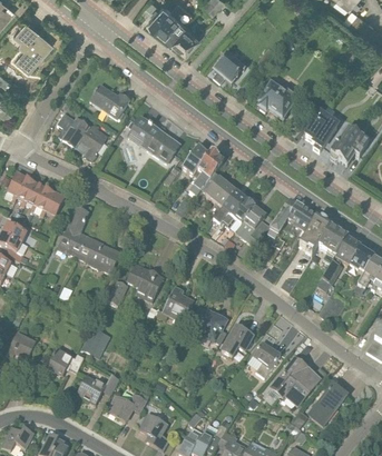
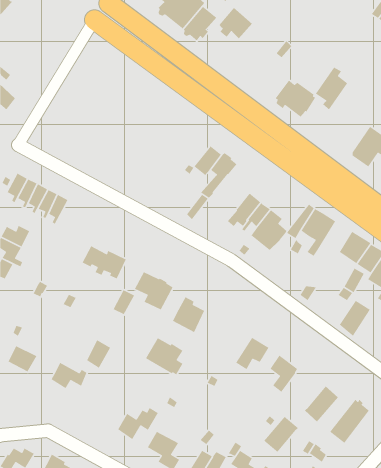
building: [14,17,52,69] -> none
building: [212,52,244,82] -> [218,7,253,39]
building: [89,83,128,117] -> none
building: [305,109,336,150] -> [315,66,348,110]
building: [128,117,176,160] -> none
building: [62,118,105,158] -> none
building: [200,172,234,206] -> none
building: [59,208,87,255] -> none
building: [298,216,330,250] -> none
building: [190,307,226,343] -> [146,337,184,375]
building: [274,356,307,390] -> [263,416,299,453]
building: [78,374,118,403] -> none

